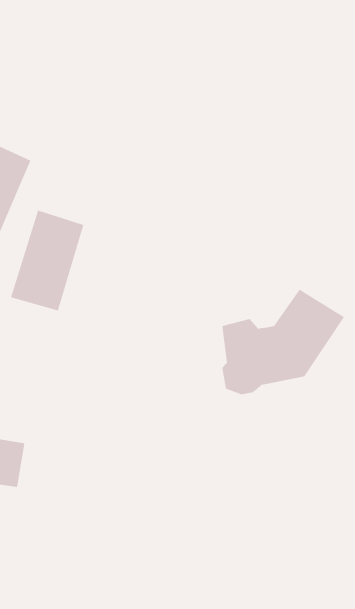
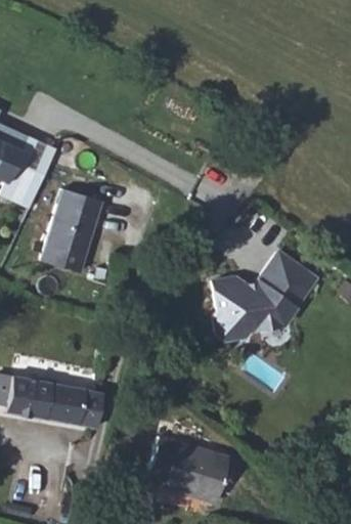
building: none -> [45,383,102,428]
building: none -> [142,437,227,501]

